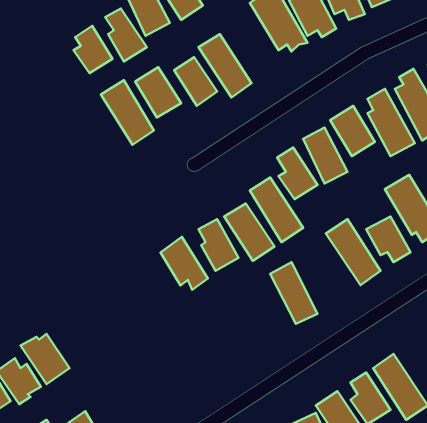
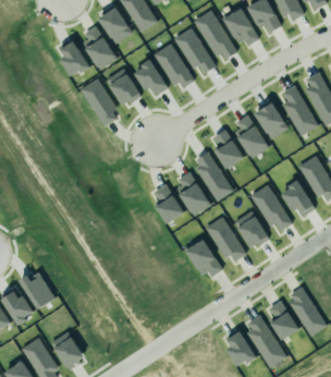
building: none -> [173,27,216,74]
building: [160,237,208,290] -> [186,235,222,276]
building: none -> [234,210,269,250]

